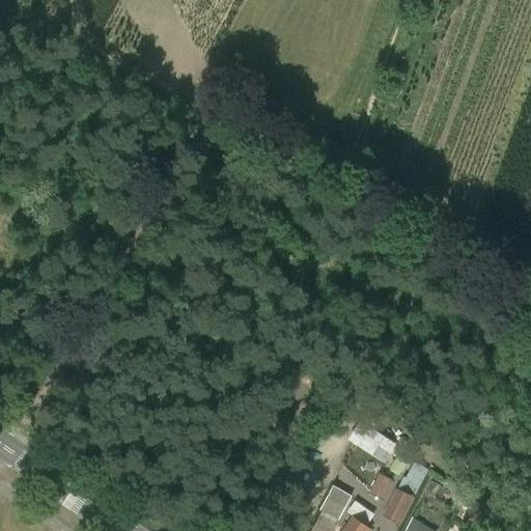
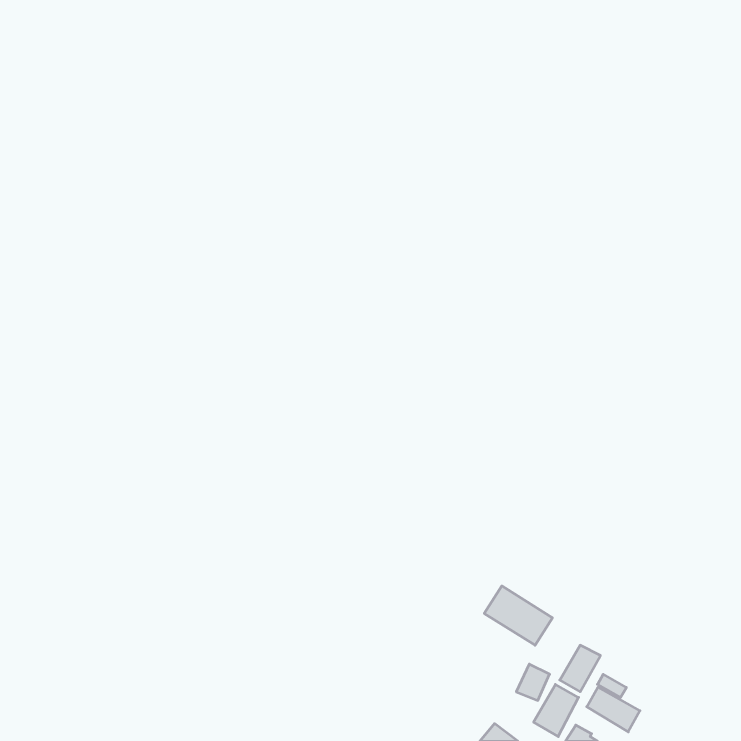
building: [319,487,352,522] -> none
building: none -> [587,687,640,732]

